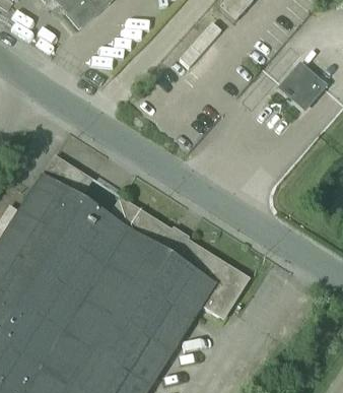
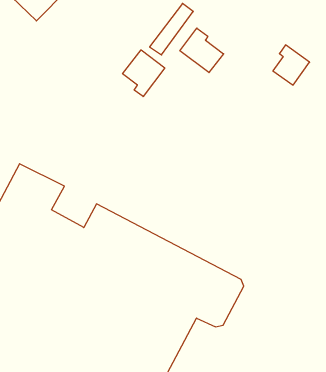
building: none -> [180,28,224,73]
building: none -> [123,50,165,97]

